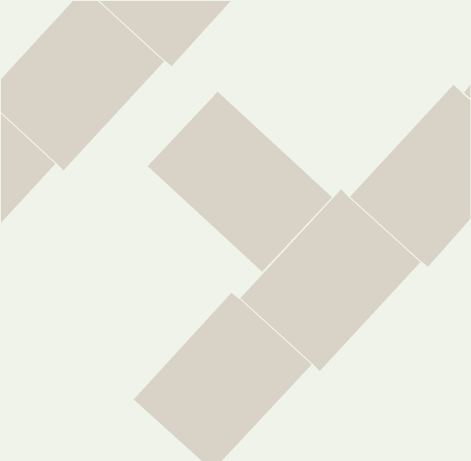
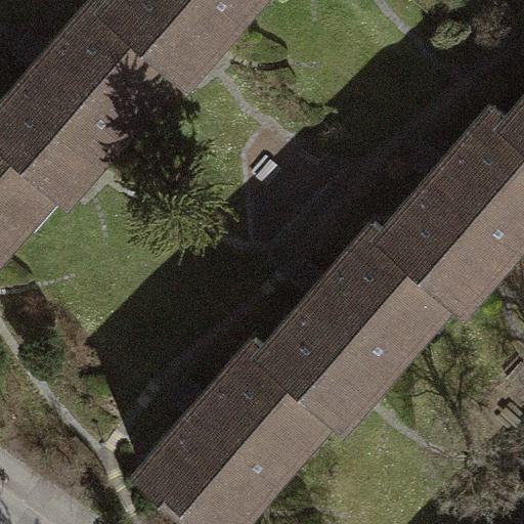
building: [147,91,333,273] -> none

